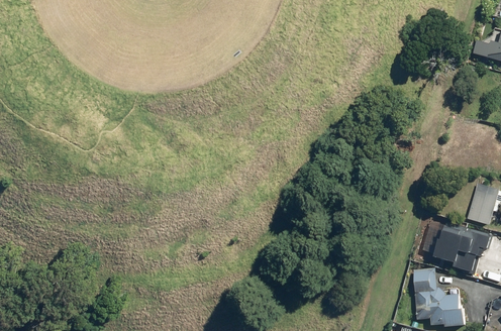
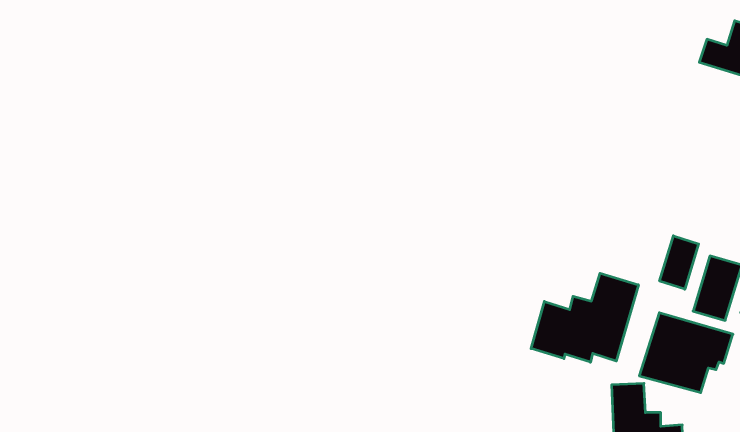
building: none -> [660,236,699,289]
building: none -> [531,273,638,362]

